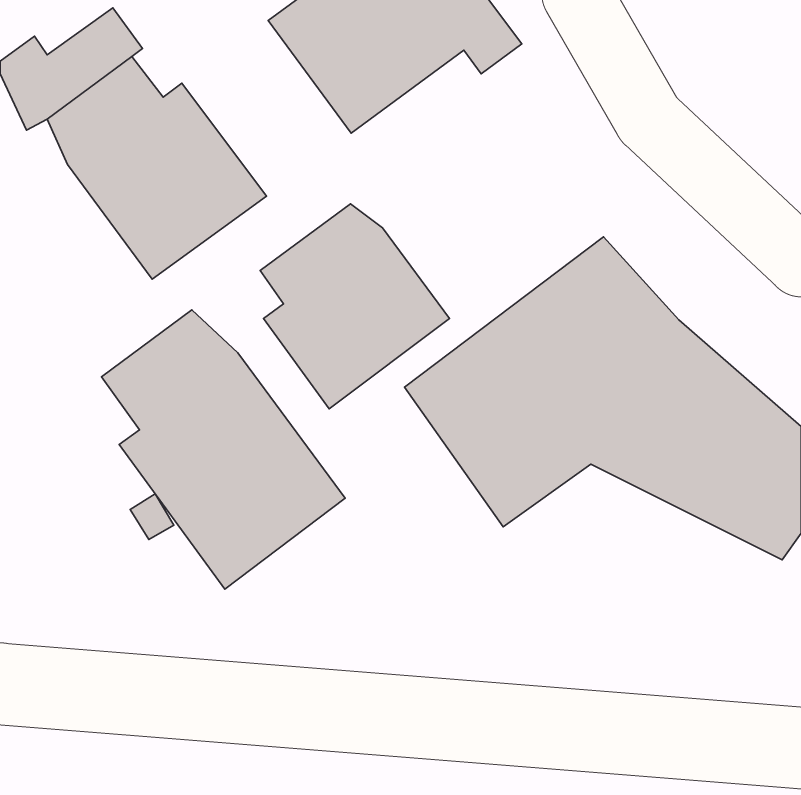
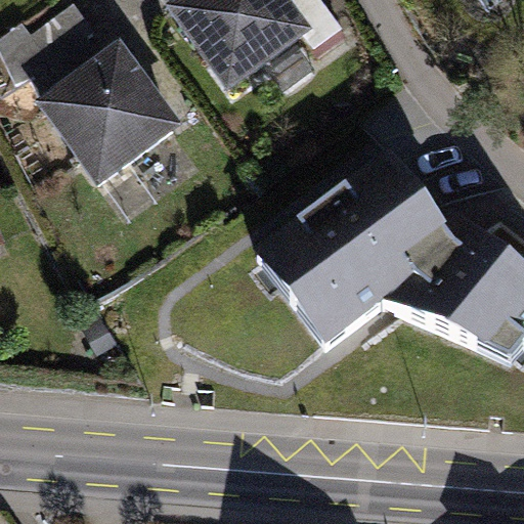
building: [260,204,450,409] -> none
building: [101,310,345,589] -> none

